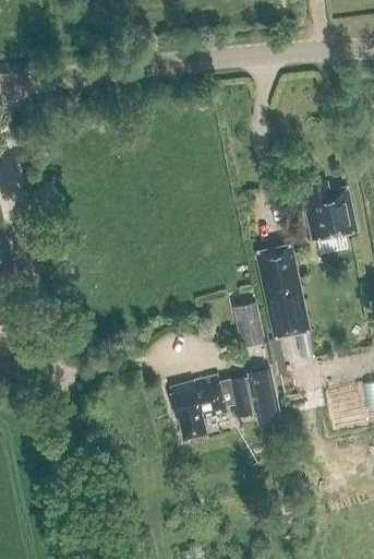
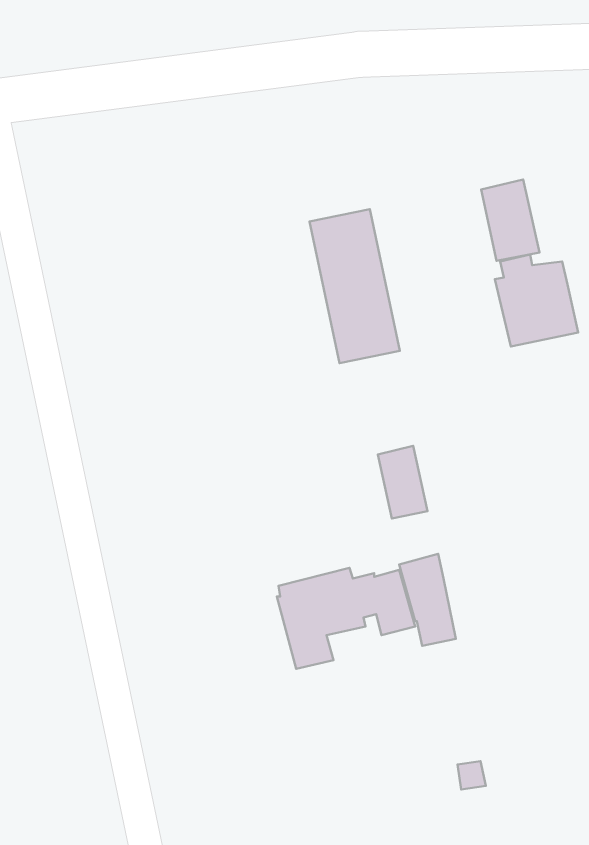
building: none -> [481,180,539,261]
building: [255,245,311,340] -> [310,209,400,363]

